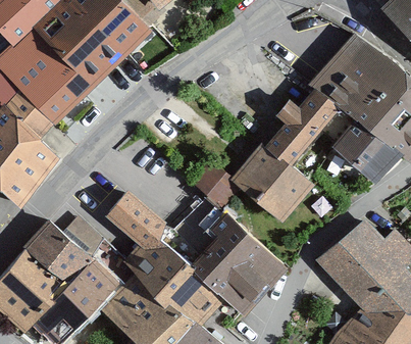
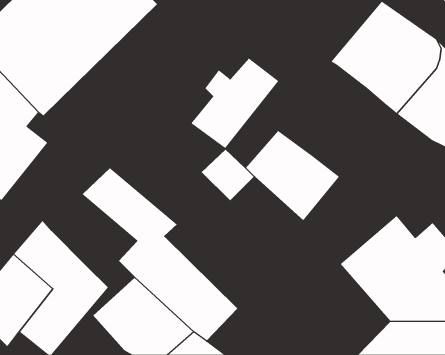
building: [258,87,336,166] -> [190,58,279,149]
building: [332,120,393,176] -> none
building: [159,201,282,316] -> none
building: [60,214,106,262] -> none

